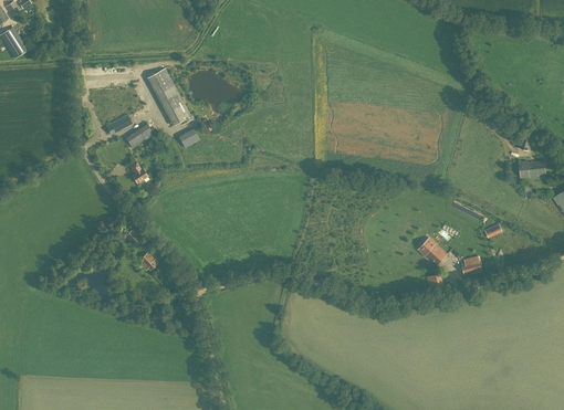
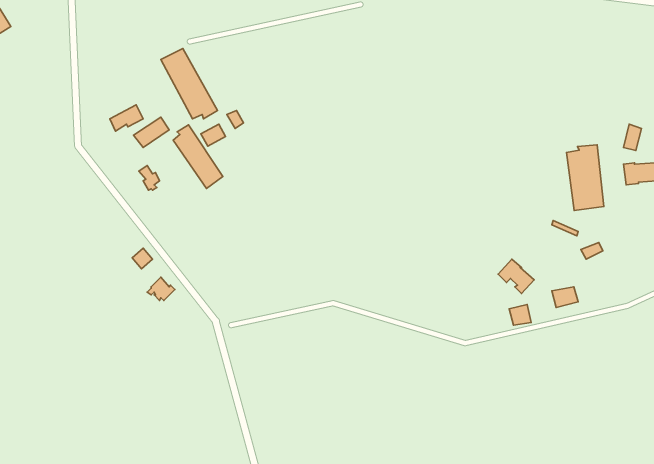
building: none -> [173,125,223,188]
building: none -> [567,145,604,211]

